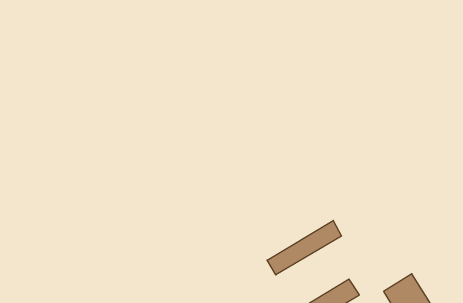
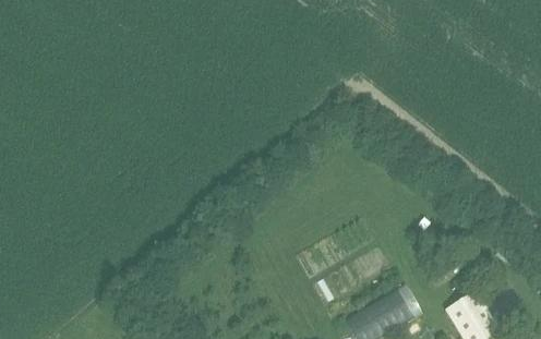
building: [267,220,342,275] -> none

